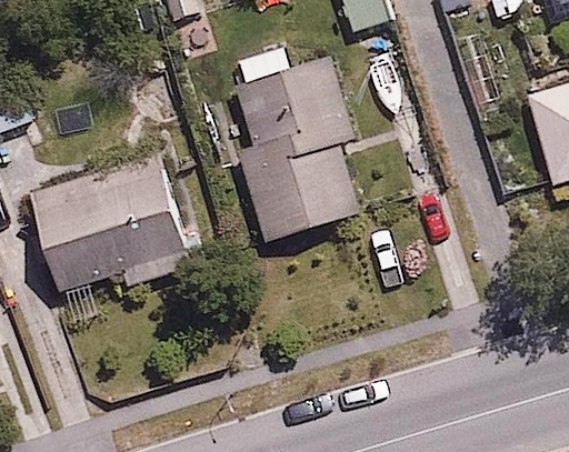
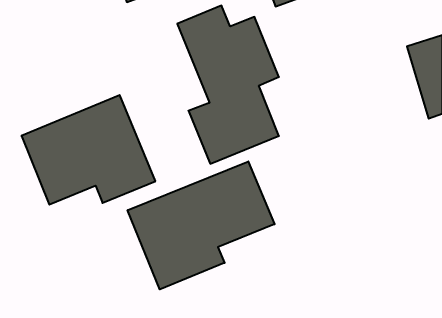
building: none -> [128,161,275,289]

